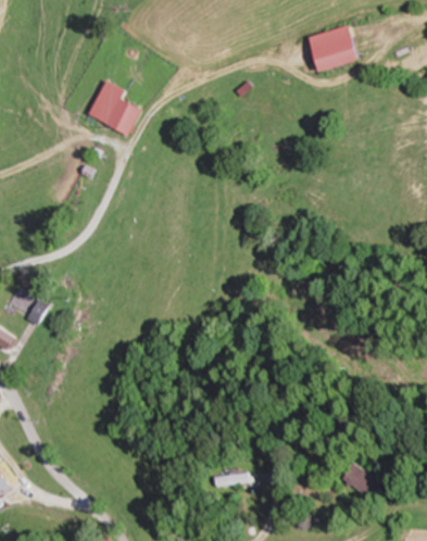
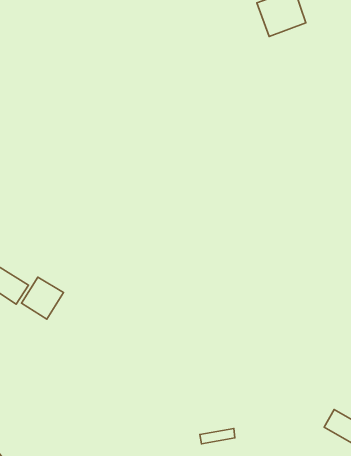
building: [96,92,139,135] -> none
building: none -> [21,277,64,319]

